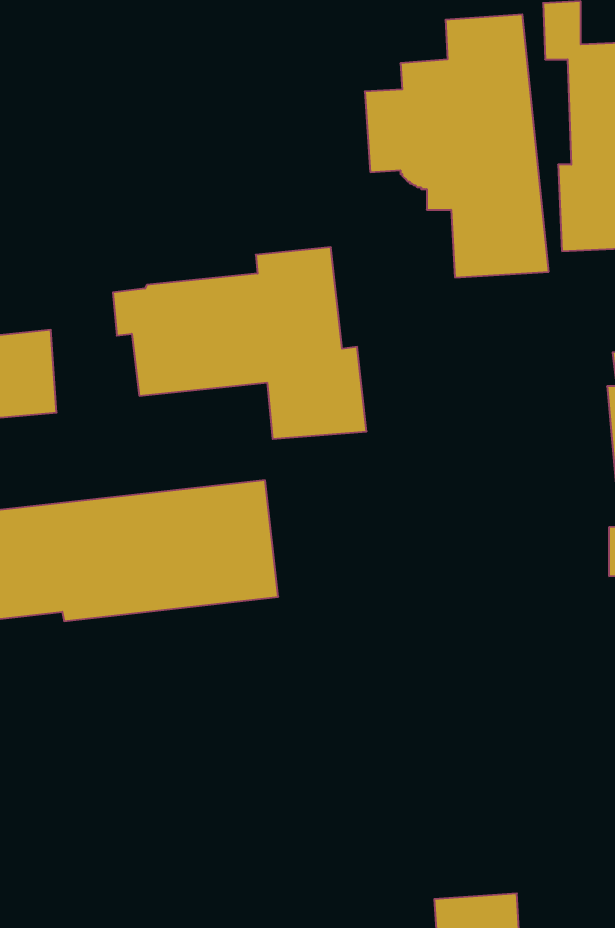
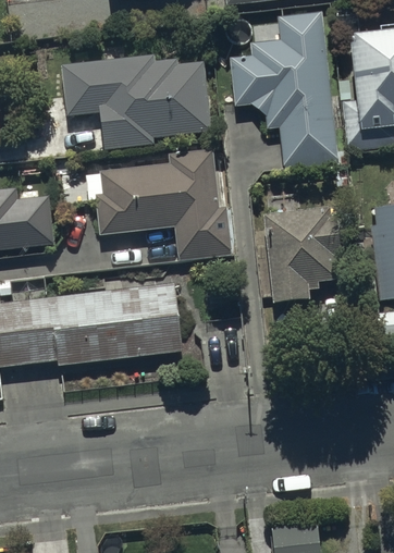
building: none -> [62,54,211,149]
building: none -> [262,207,342,306]

